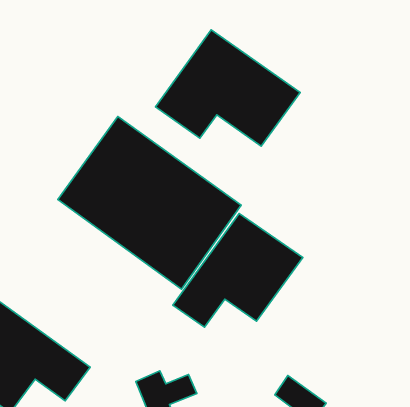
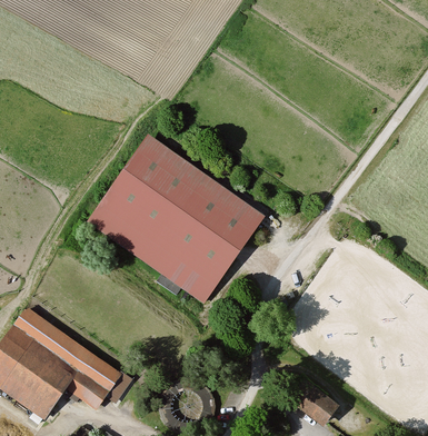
building: [155,30,300,146] -> none
building: [173,213,303,327] -> none

